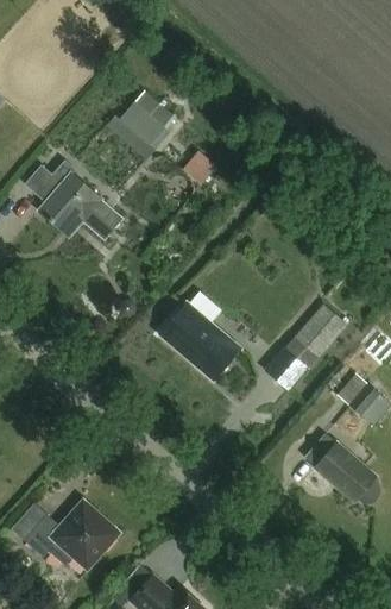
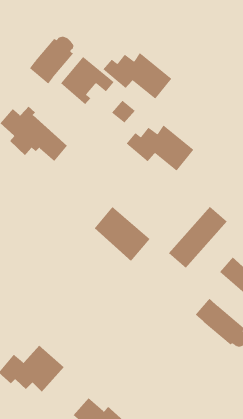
building: none -> [29,36,74,84]
building: none -> [103,52,172,99]
building: none -> [126,124,194,171]

